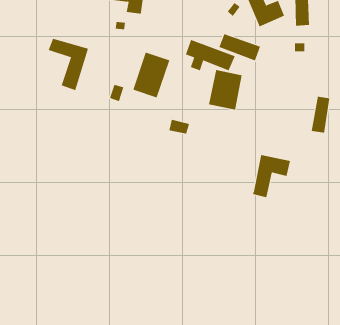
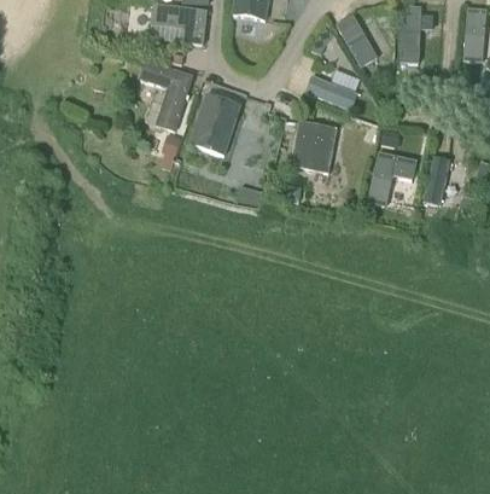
building: [48,38,89,91] -> [138,62,191,130]
building: [185,39,235,71] -> none
building: [252,154,291,198] -> [367,153,418,210]

